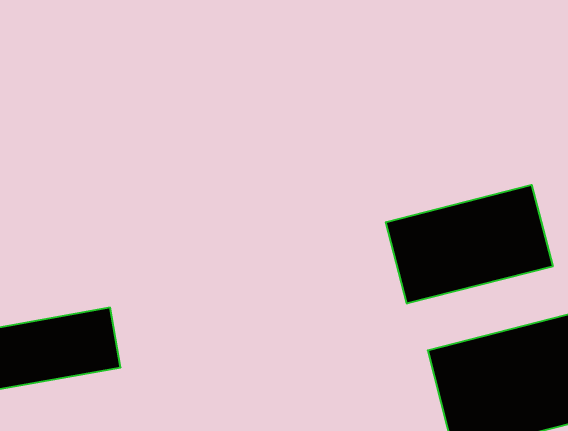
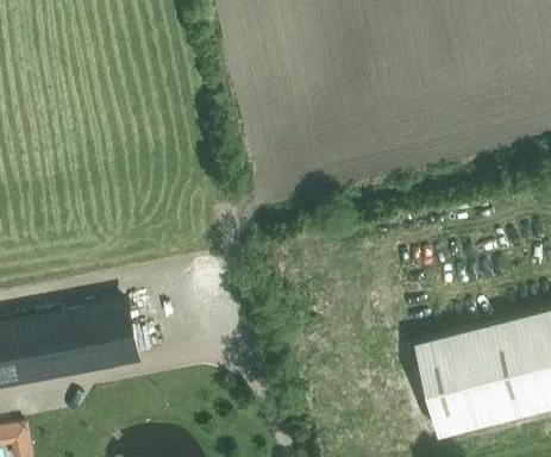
building: [386,185,553,304] -> none

